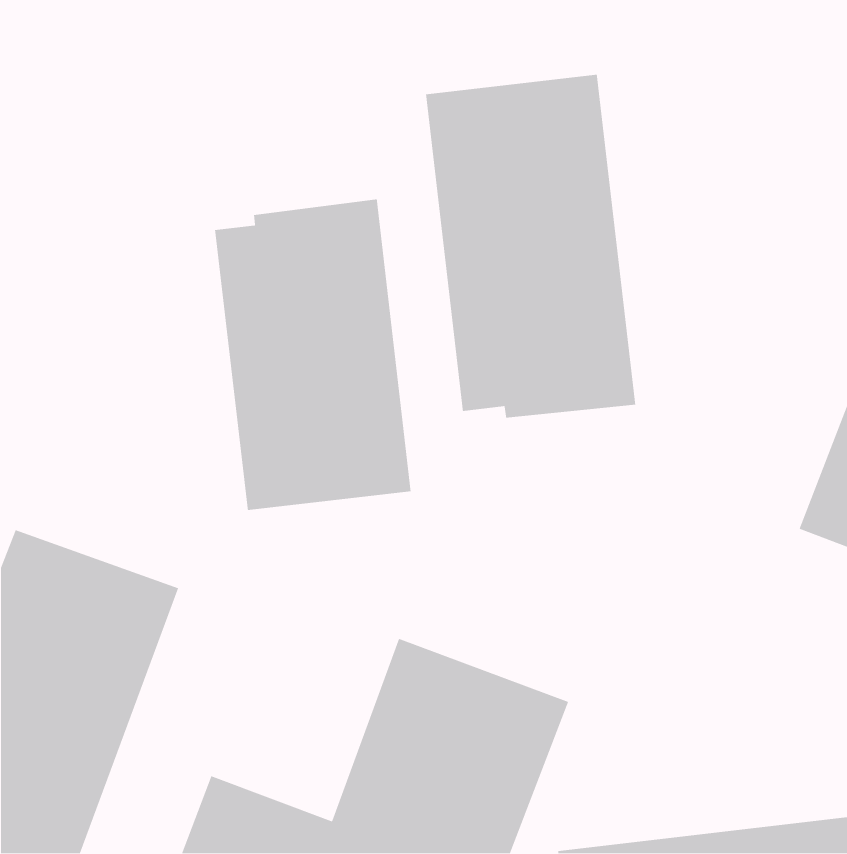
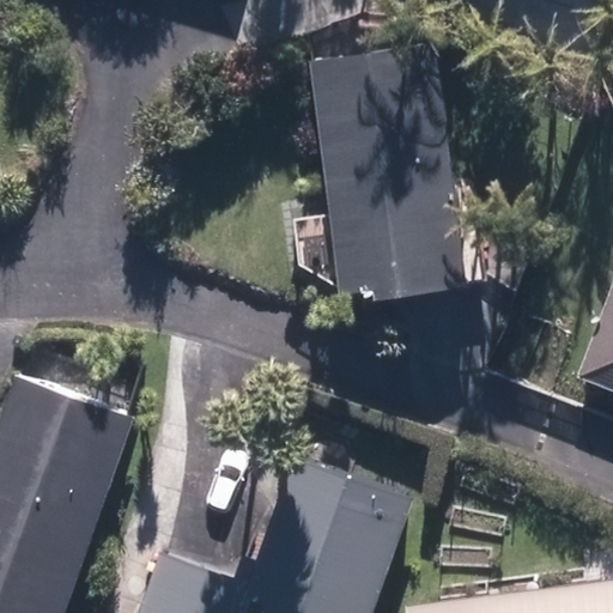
building: [214,199,411,511] -> none

